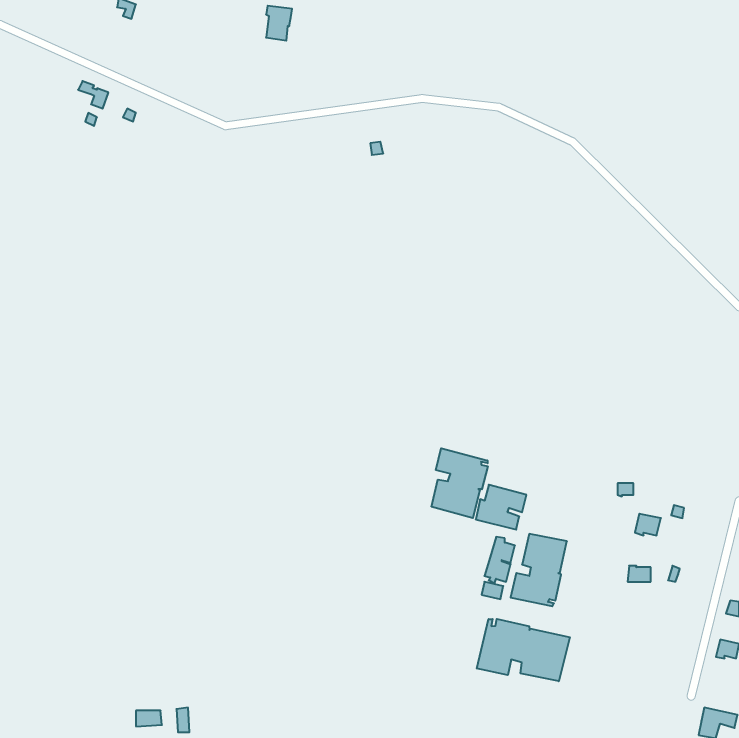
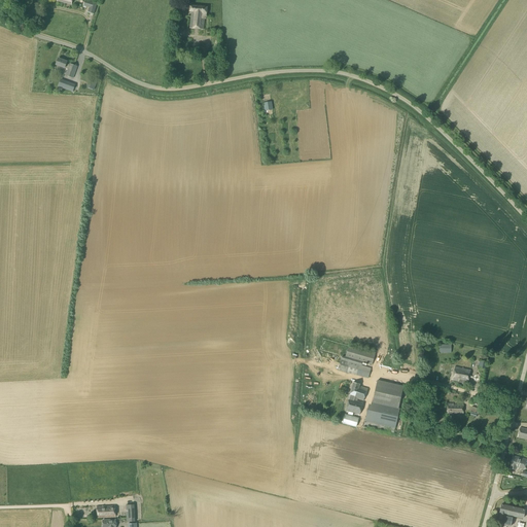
building: [432,448,488,518] -> none
building: [477,619,570,681] -> none

